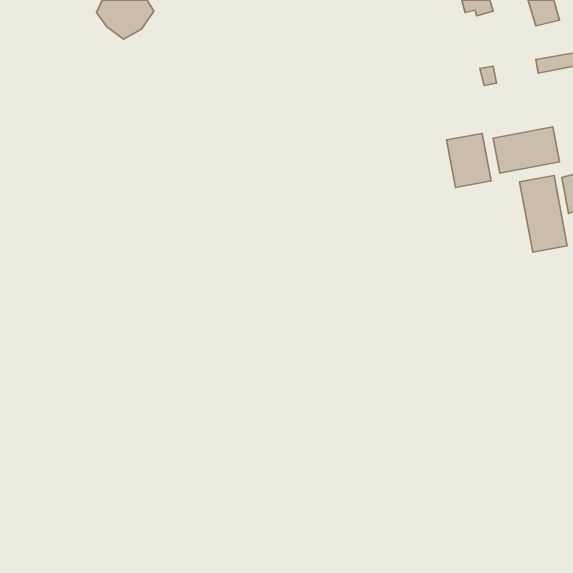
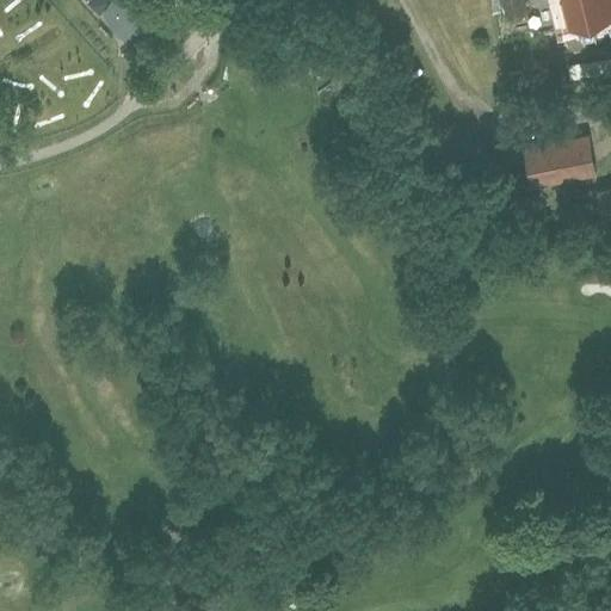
building: [447,133,491,187] -> none
building: [520,176,567,252] -> none

